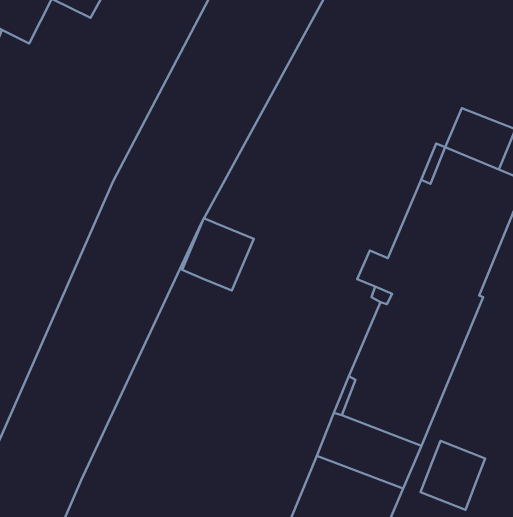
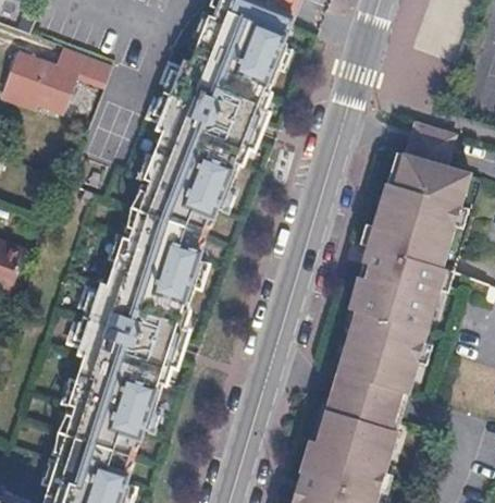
building: [182,218,254,290] -> none
building: [421,441,485,510] -> none

